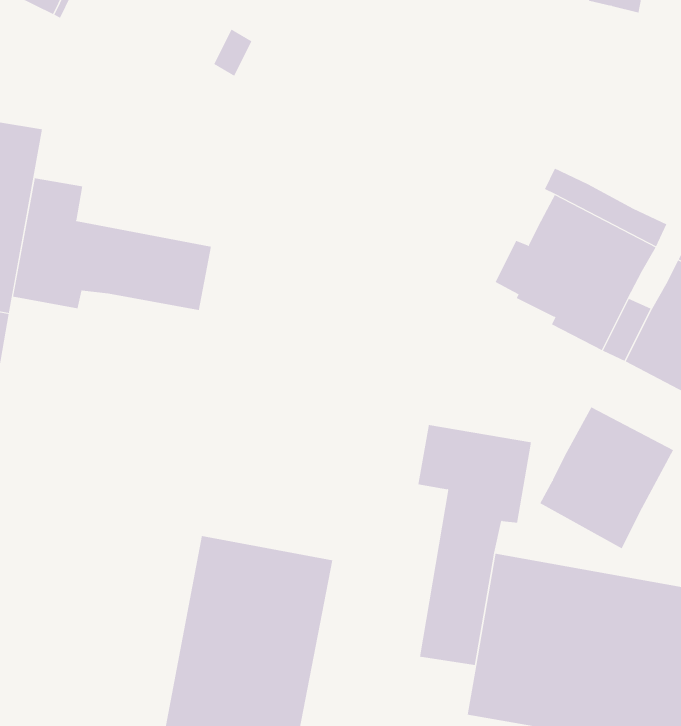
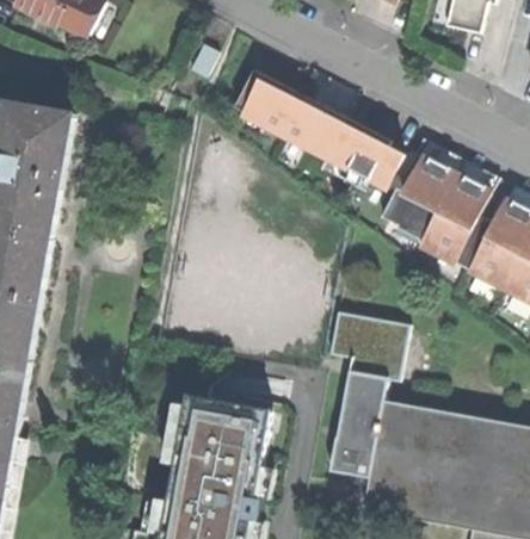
building: none -> [234,72,403,188]
building: [12,177,212,311] -> none
building: [540,406,674,549] -> none

